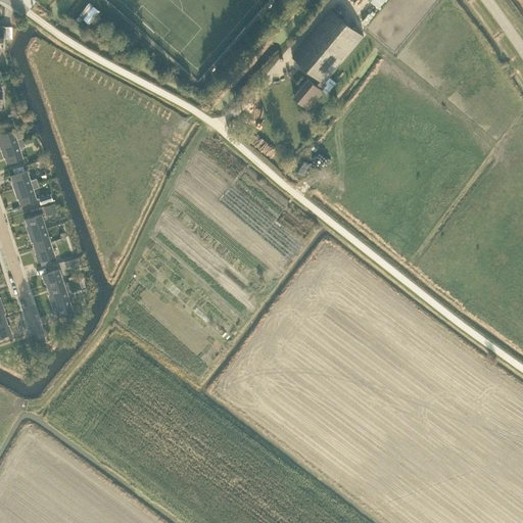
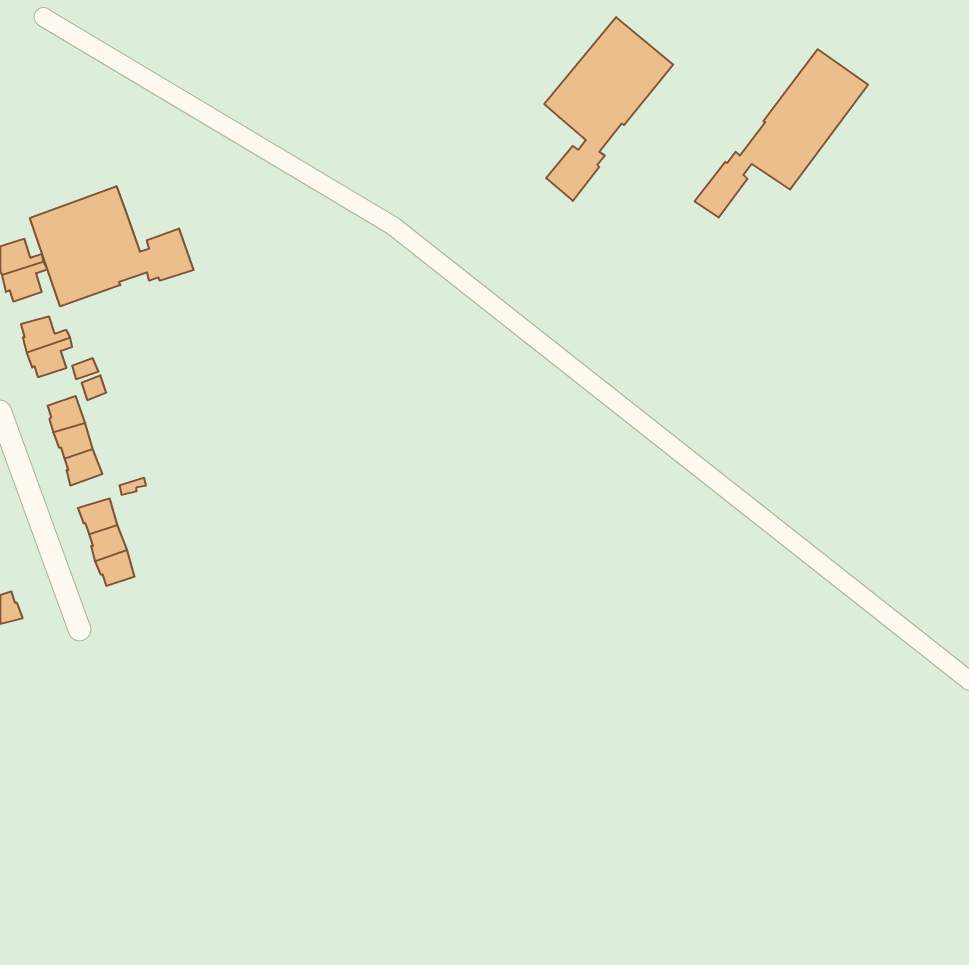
building: none -> [695,49,868,218]
building: none -> [30,186,194,306]

